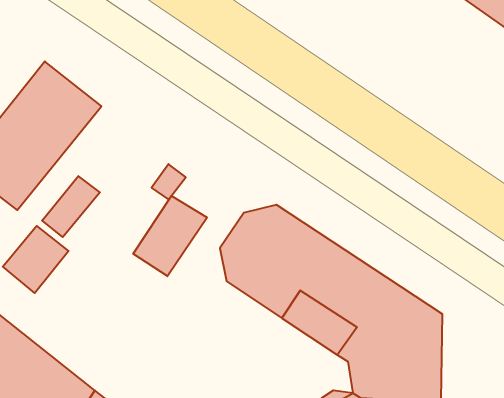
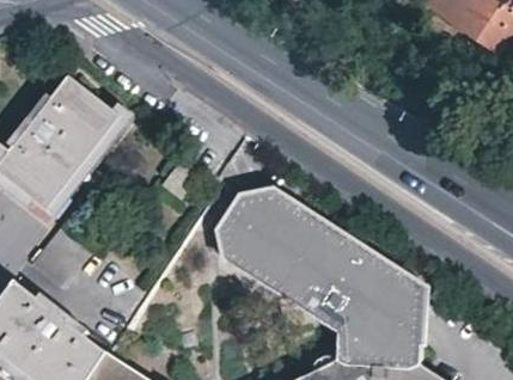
building: [42,176,100,237] -> none
building: [133,196,207,276] -> none

